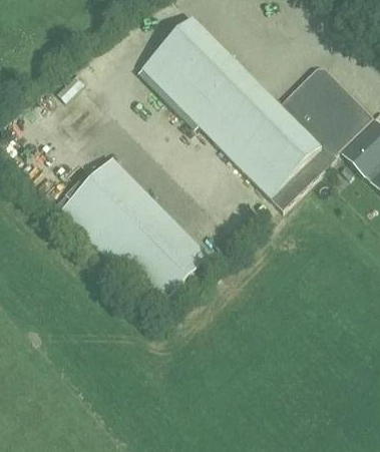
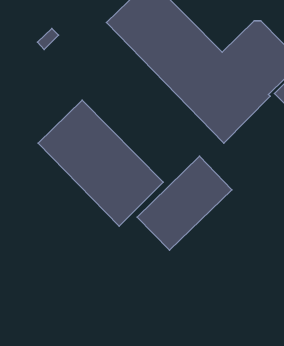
building: none -> [137,156,232,250]

